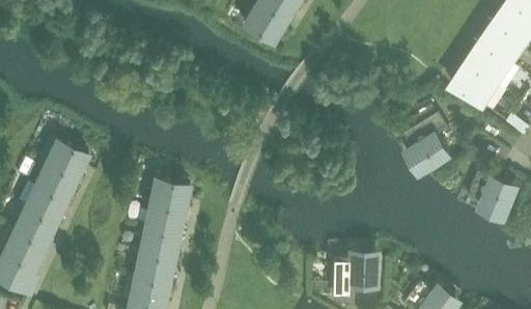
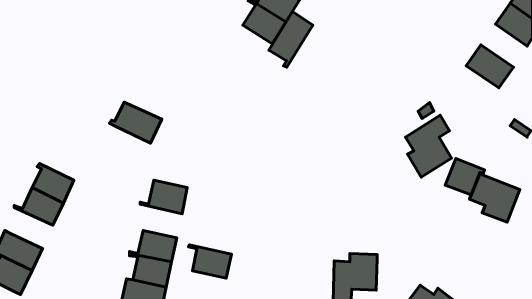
building: none -> [269,11,313,67]
building: [479,25,525,67] -> none
building: [451,66,497,109] -> none
building: [36,139,88,179] -> [110,102,162,143]
building: none -> [445,159,484,195]
building: [141,203,184,236] -> [188,245,231,278]
building: [15,206,56,247] -> none

